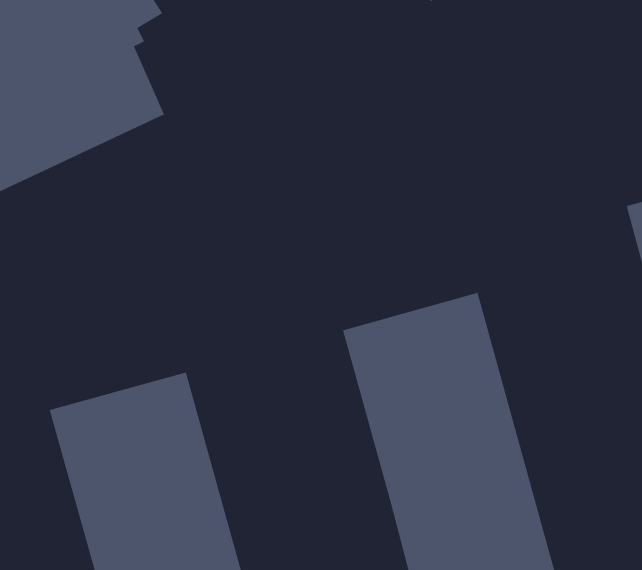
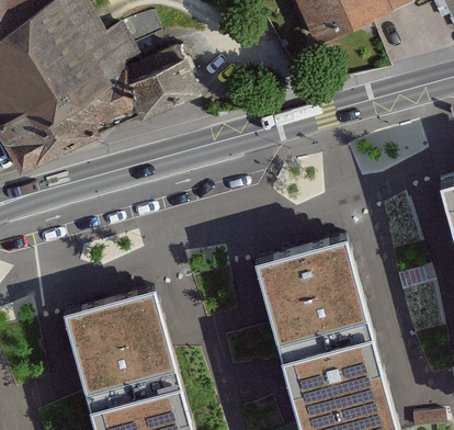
building: none -> [116,46,196,117]

